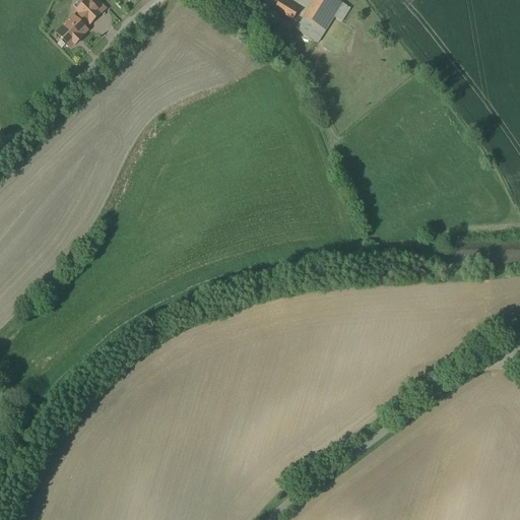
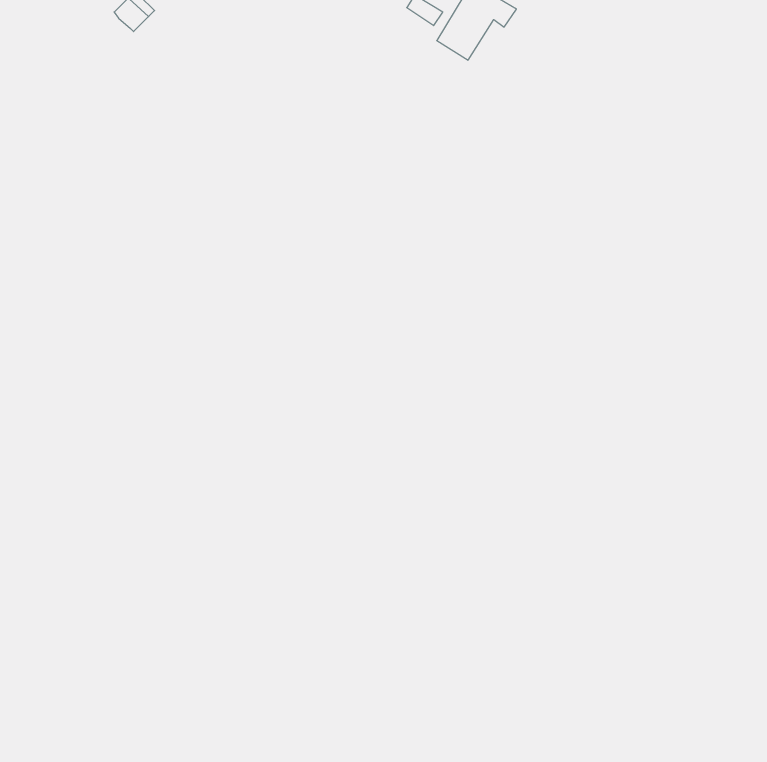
building: [57,12,88,45] -> none

